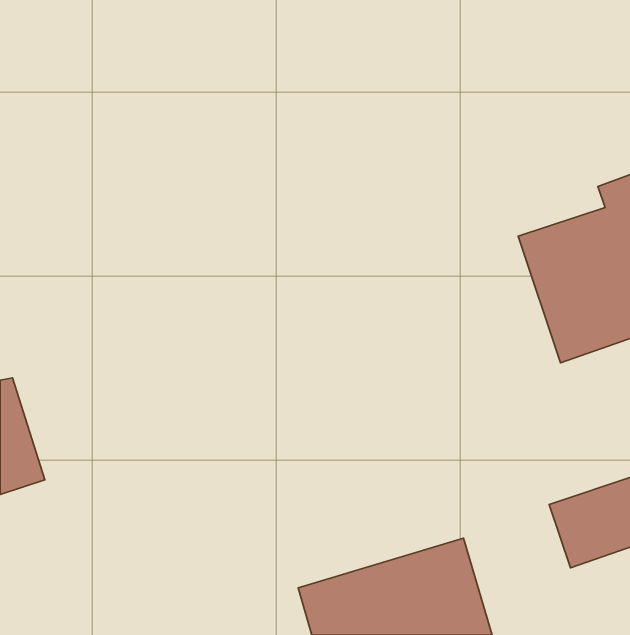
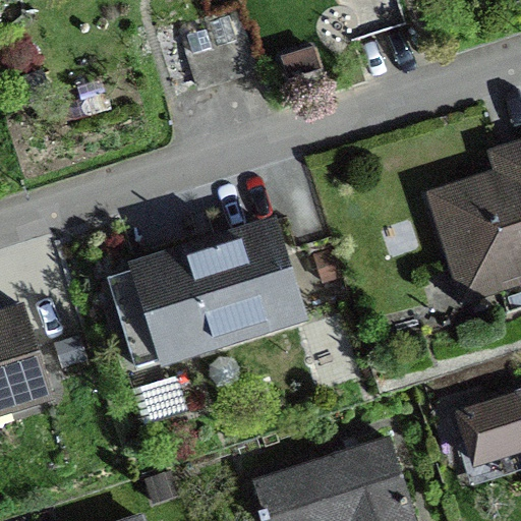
building: none -> [138,231,289,353]

